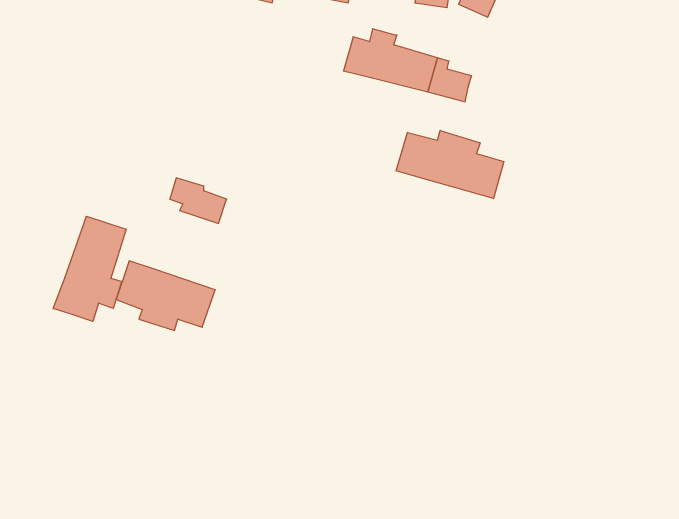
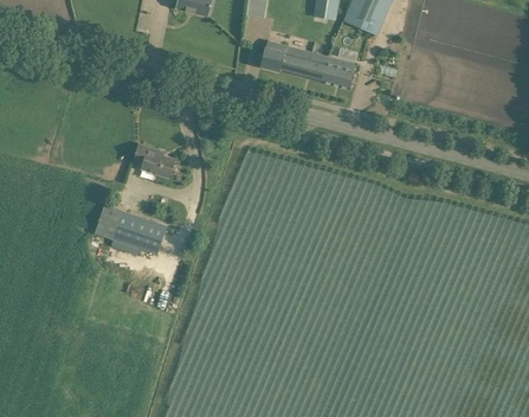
building: [396,130,504,199] -> none
building: [53,216,126,321] -> none

